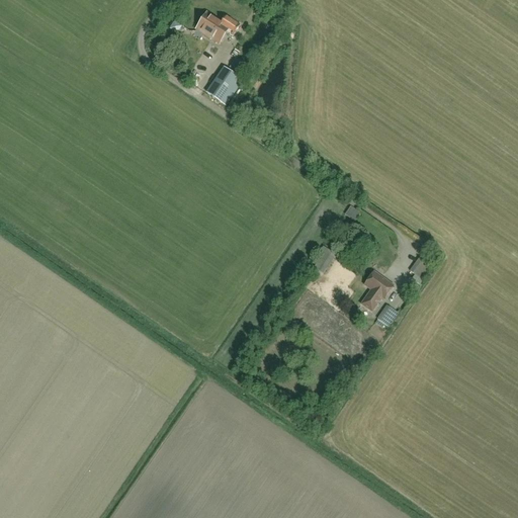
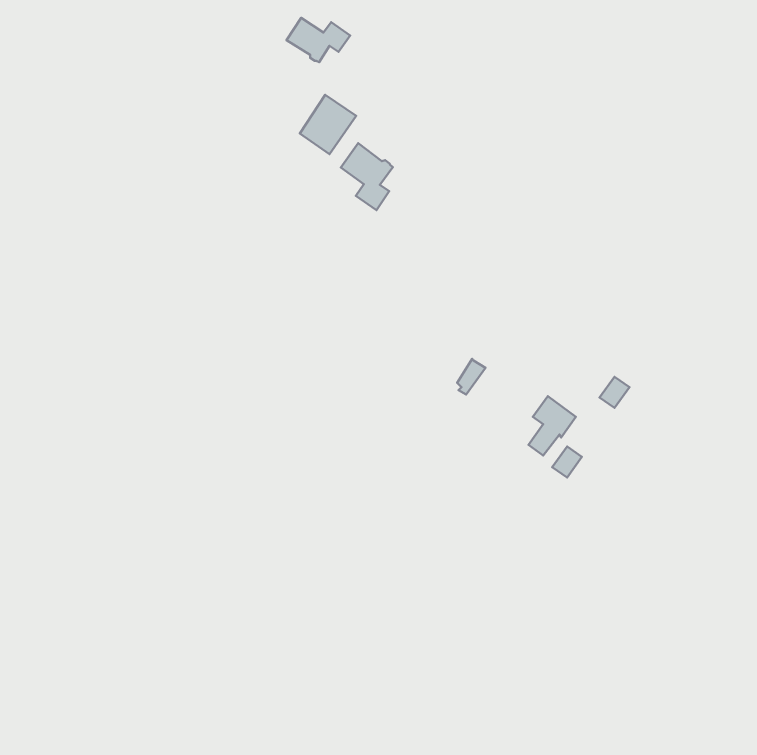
building: none -> [341,143,393,210]

